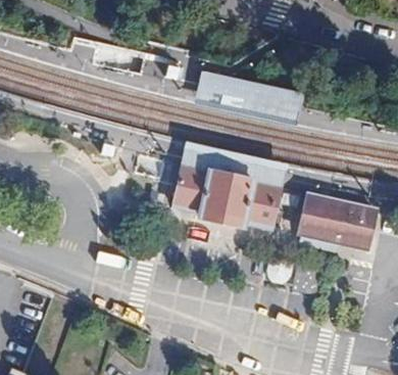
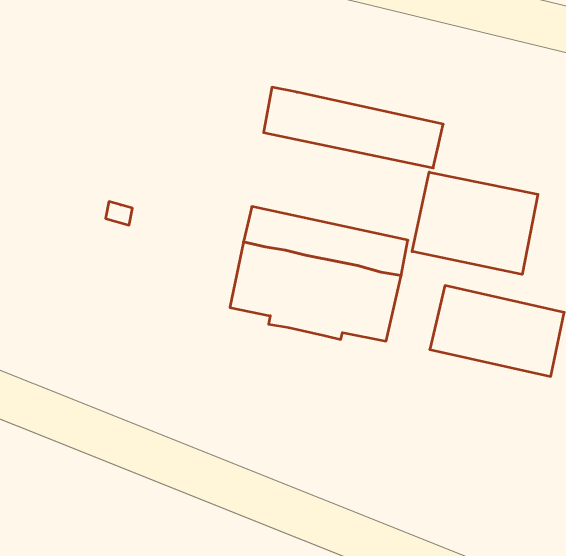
building: none -> [412,172,538,274]

